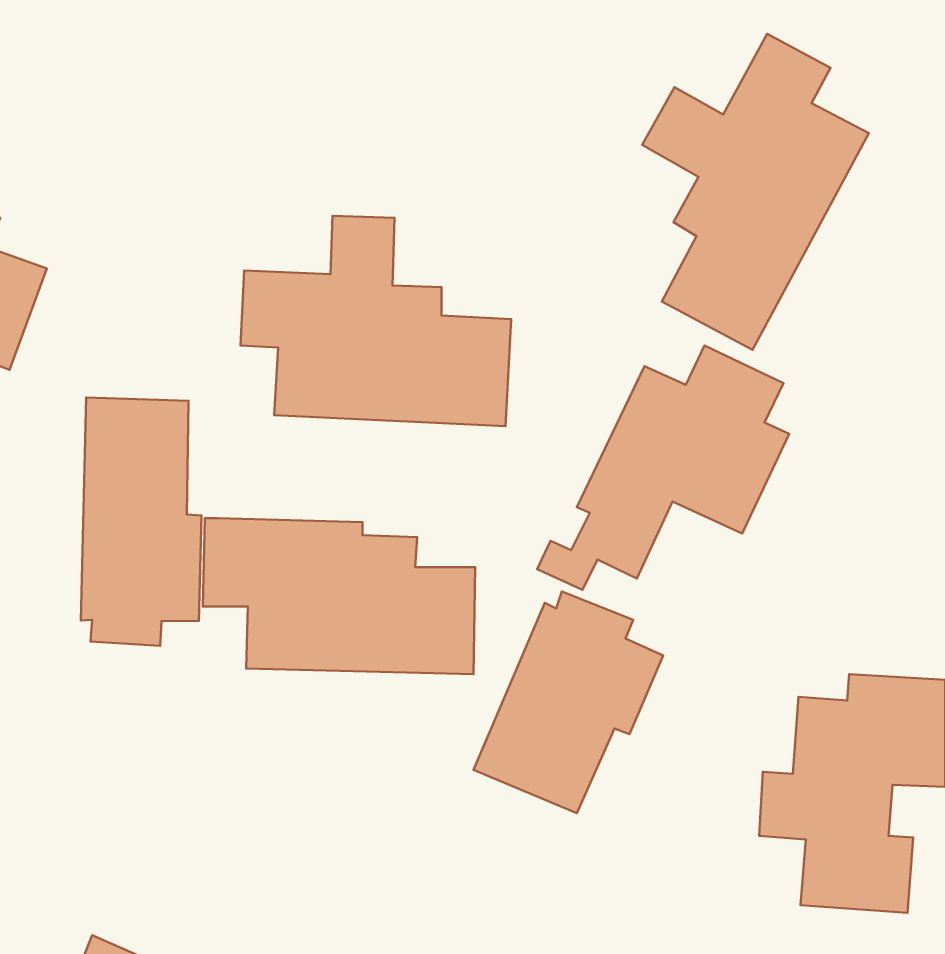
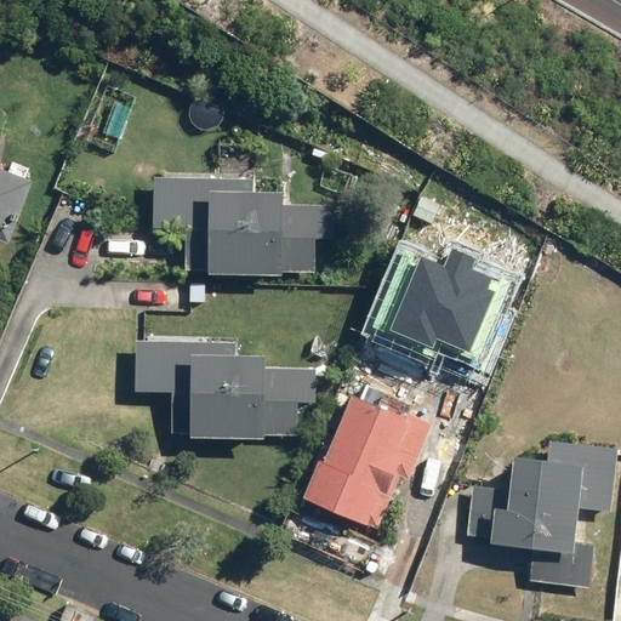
building: [642,34,869,350] -> none
building: [81,397,201,646] -> none

